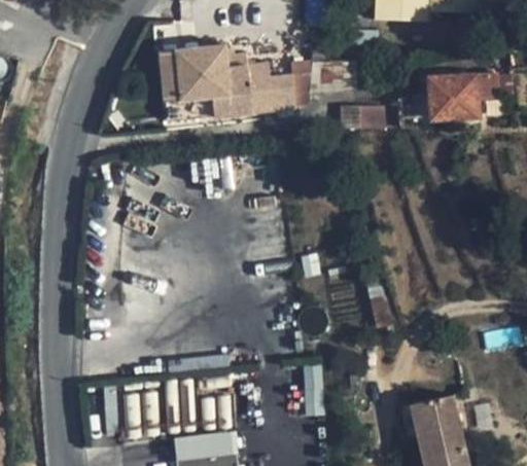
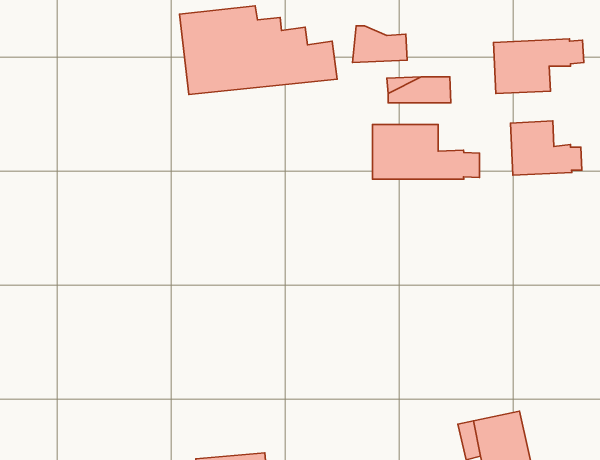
building: none -> [510,121,582,175]
building: none -> [373,124,480,179]

